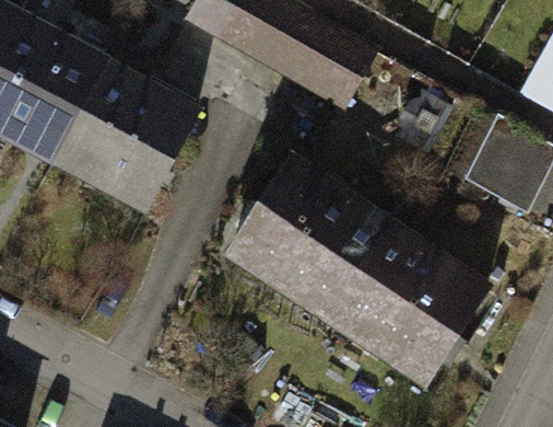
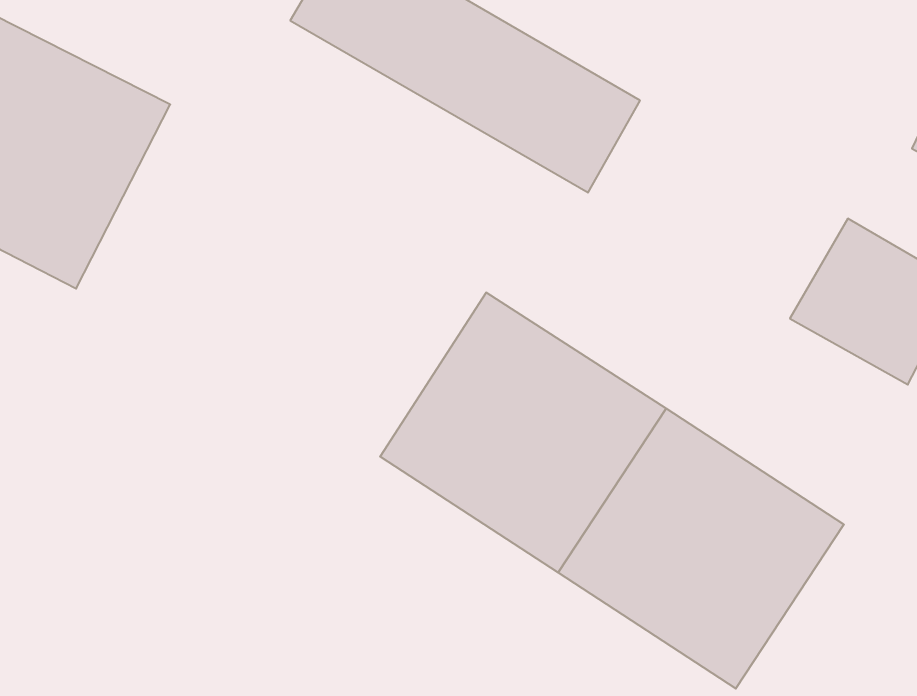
building: [66,59,214,209] -> none

